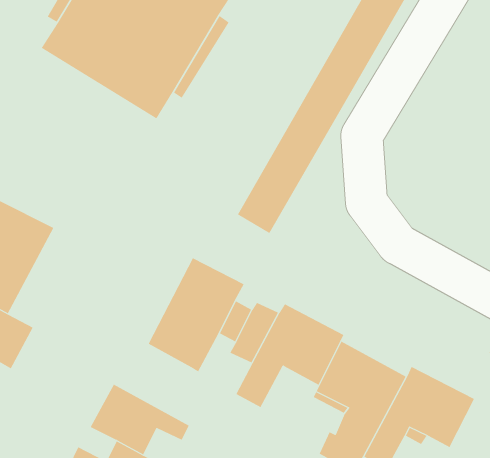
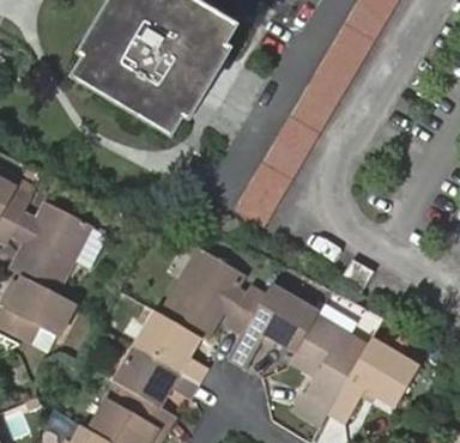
building: none -> [137,311,207,381]

